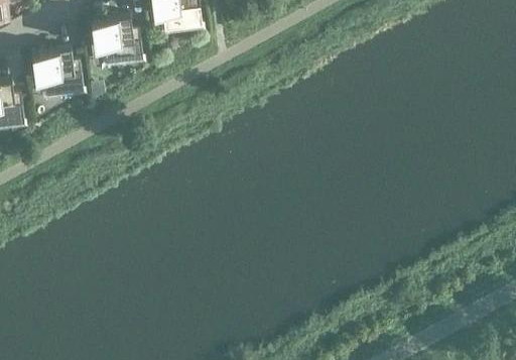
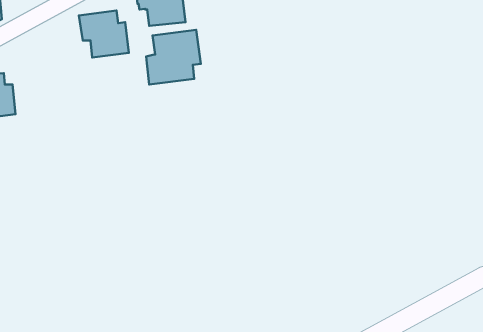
building: none -> [146,30,201,84]
building: [30,49,83,98] -> none

